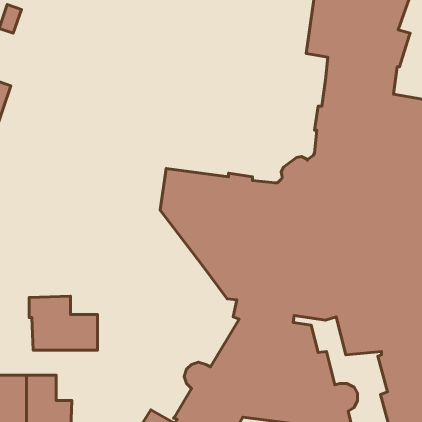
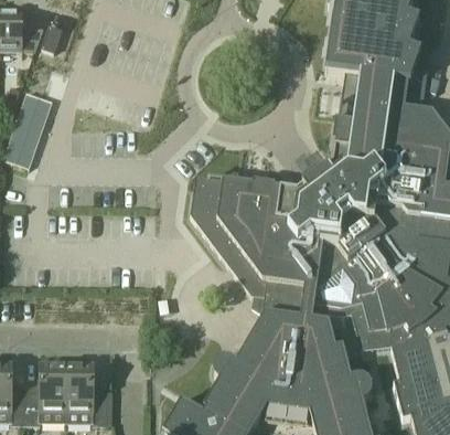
building: [29,296,98,350] -> none

